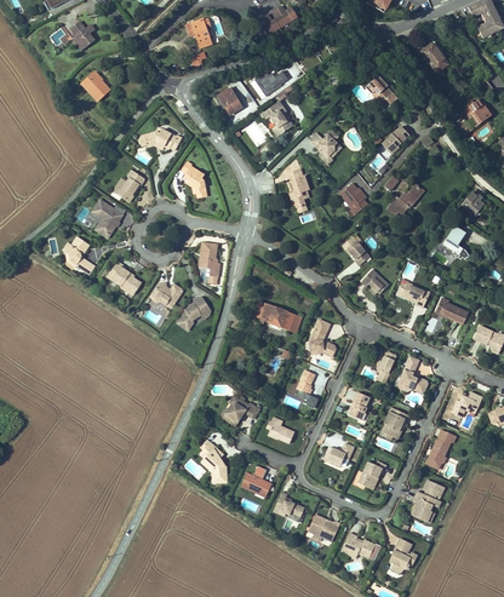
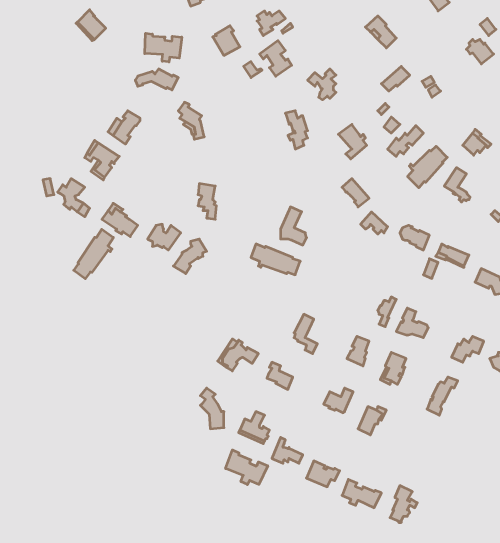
building: none -> [145,33,182,62]
building: none -> [408,146,447,188]
building: none -> [74,229,113,279]
building: [310,318,336,356] -> [281,207,307,245]
building: [413,480,445,521] -> none
building: none -> [226,450,268,485]

